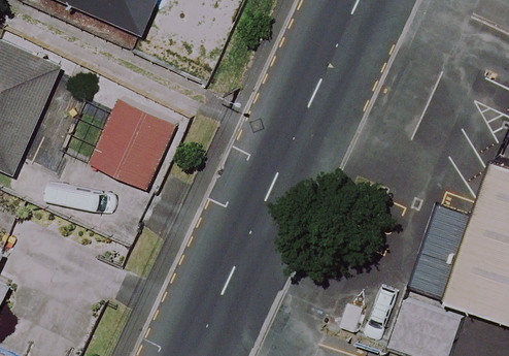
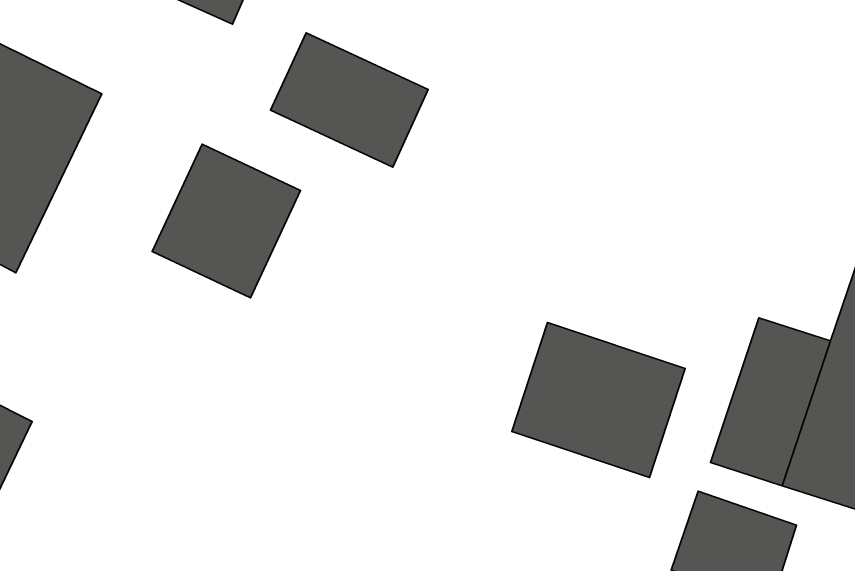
building: none -> [271,33,428,167]
building: none -> [512,323,685,478]

